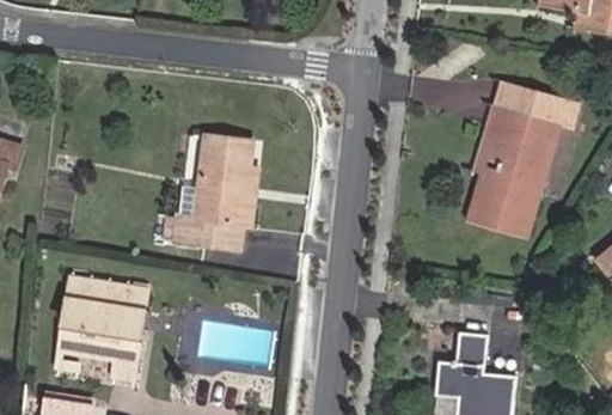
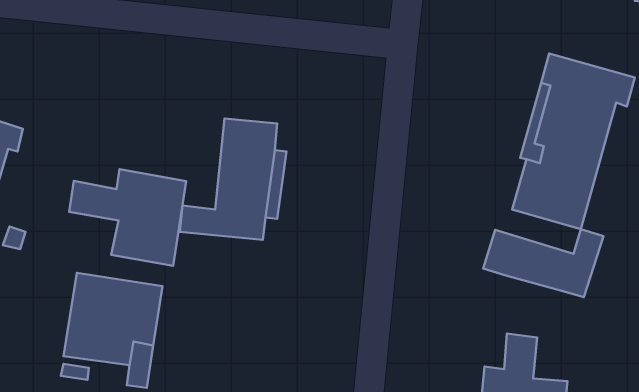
building: none -> [69,169,186,266]
building: none -> [483,229,603,297]

